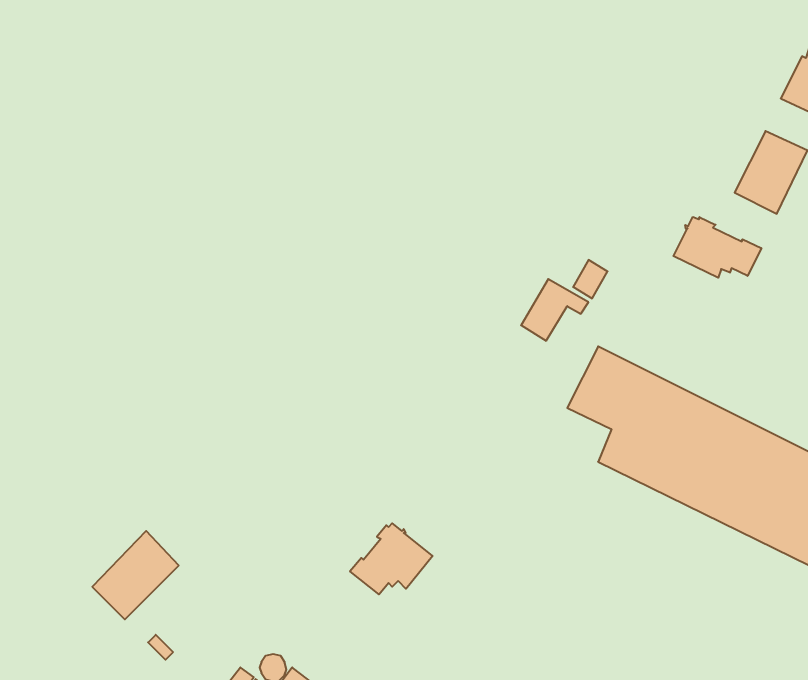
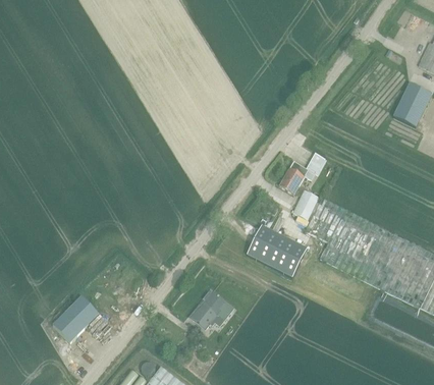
building: [673,217,761,278] -> none
building: none -> [293,190,319,220]
building: none -> [247,226,307,278]

